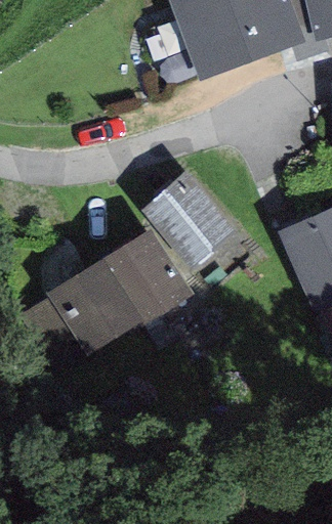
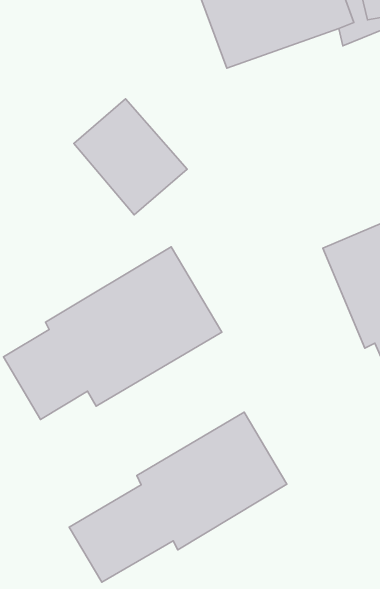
building: [142,170,237,266] -> [74,99,187,215]
building: none -> [69,412,287,582]

